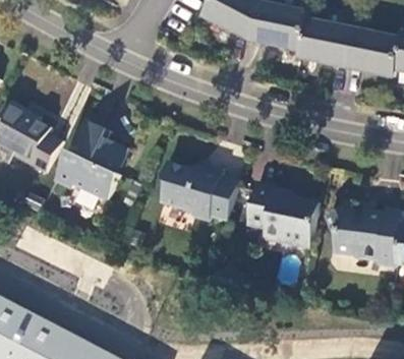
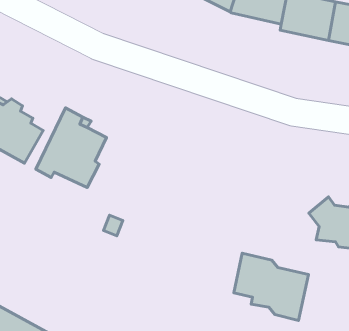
building: [162,163,240,222] -> none
building: [247,185,322,252] -> [234,253,309,321]

